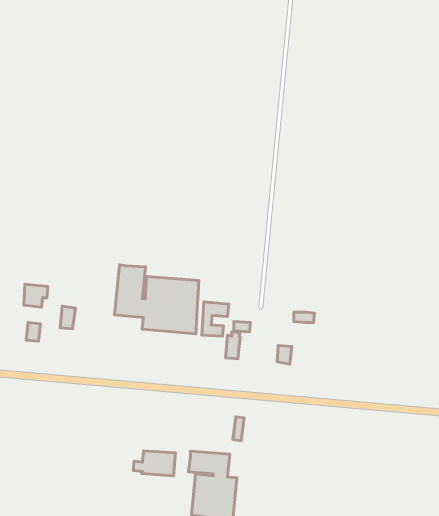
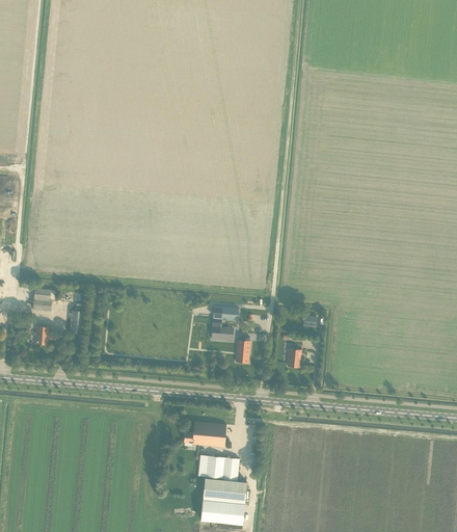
building: [114,265,199,334] -> none
building: [133,451,175,476] -> [183,421,225,446]

